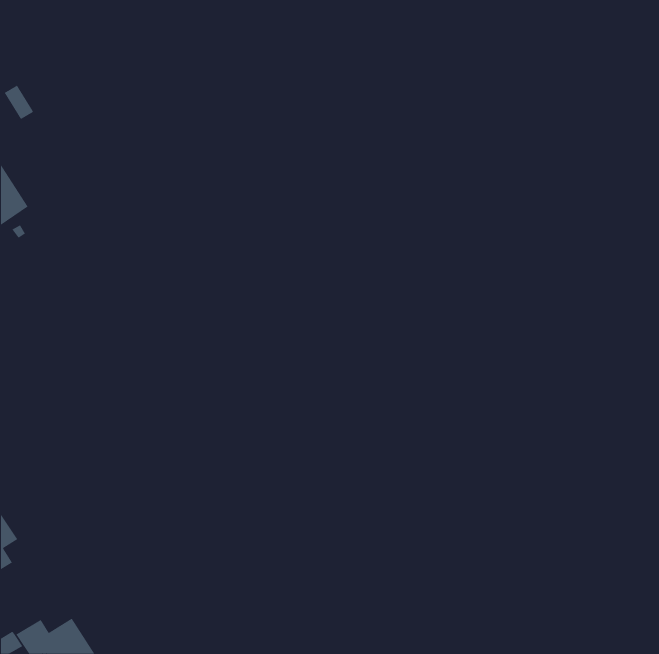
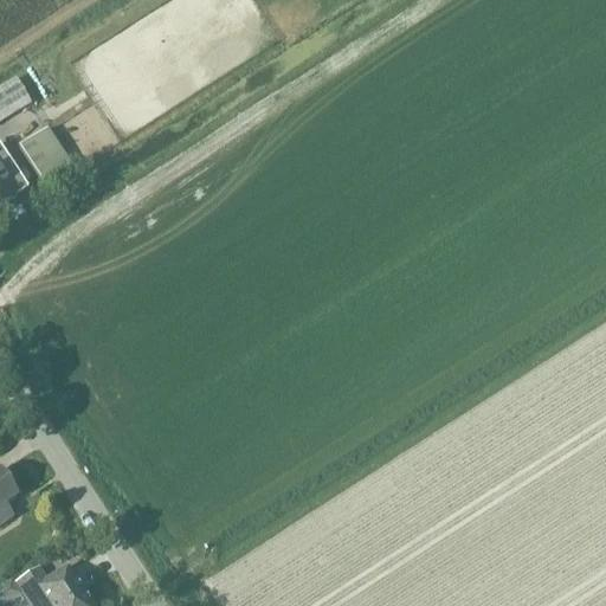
building: none -> [21,129,66,176]

